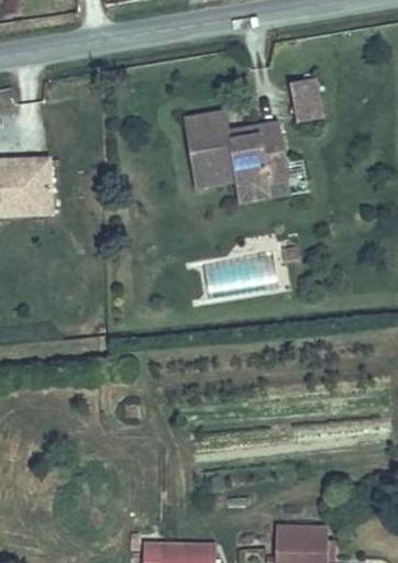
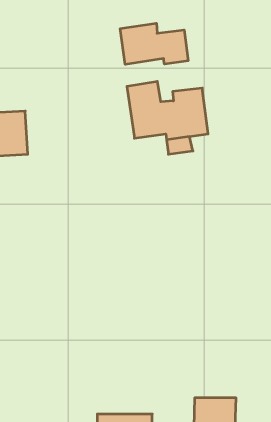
building: none -> [120,23,188,64]
building: [288,78,322,123] -> none

